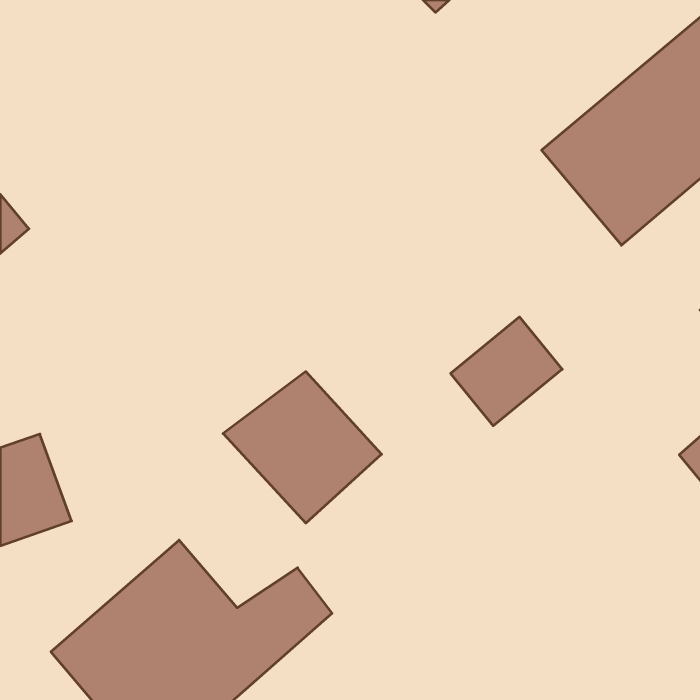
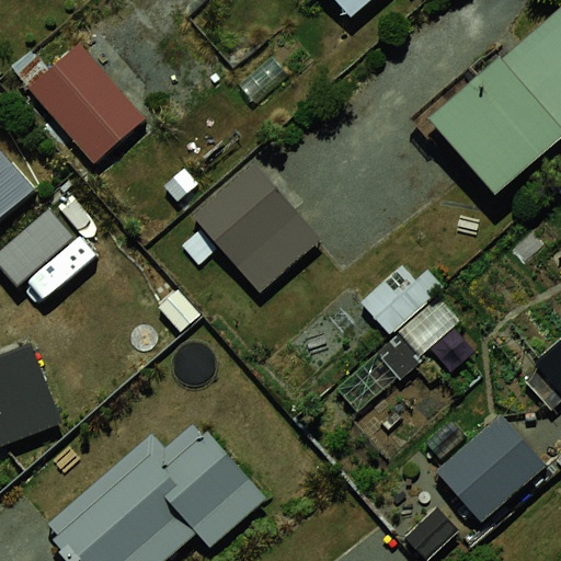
building: none -> [11,36,145,161]
building: [223,372,382,523] -> [183,168,309,288]
building: none -> [432,405,554,527]

